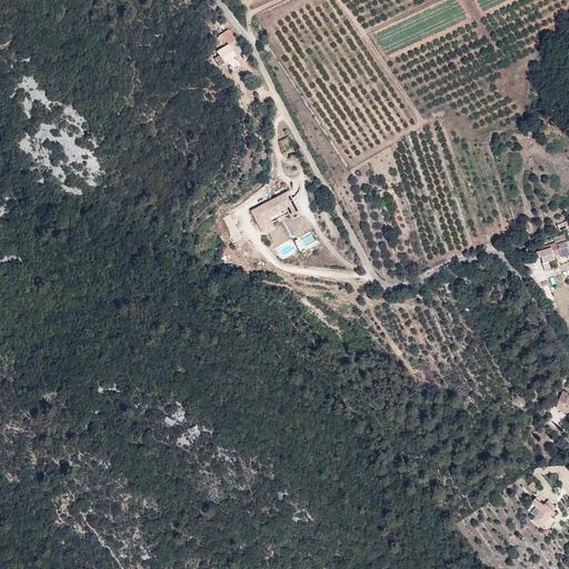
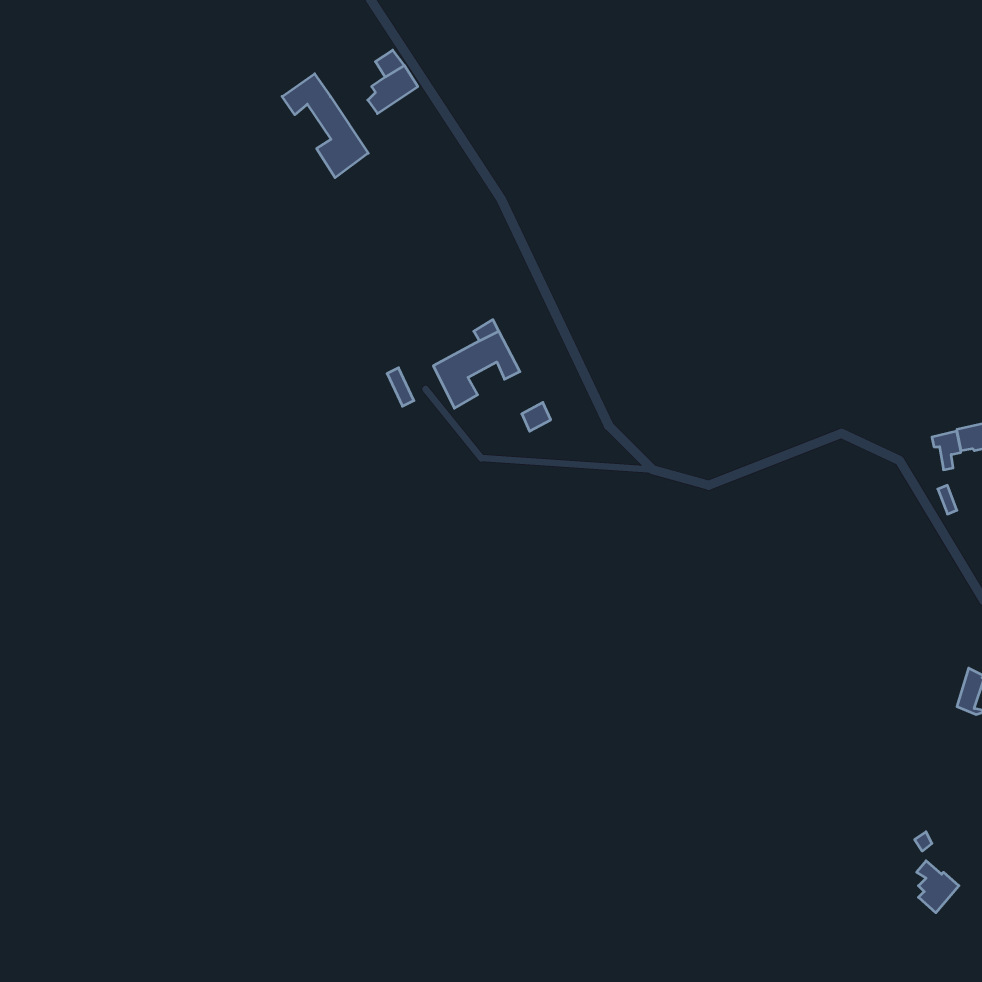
building: none -> [282,74,368,178]

